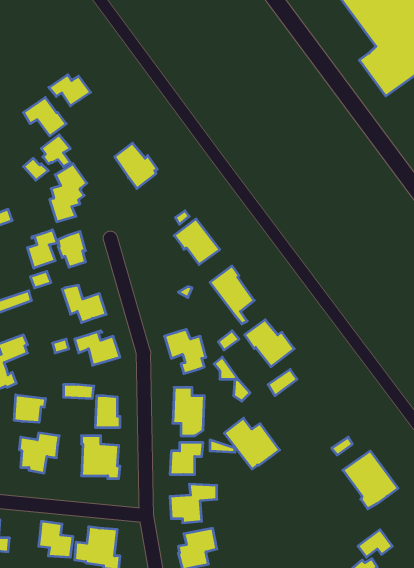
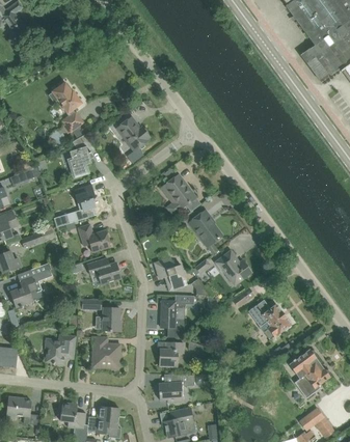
building: [49,75,91,106] -> none
building: [27,230,57,268] -> none
building: [14,395,45,422] -> none
building: [224,418,280,469] -> [249,300,291,338]

